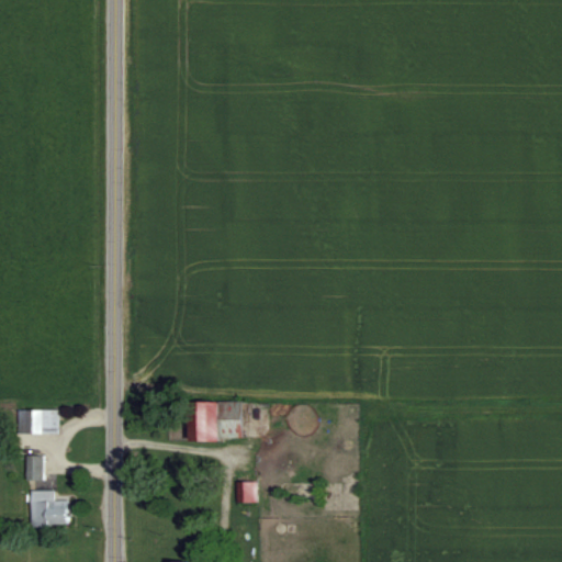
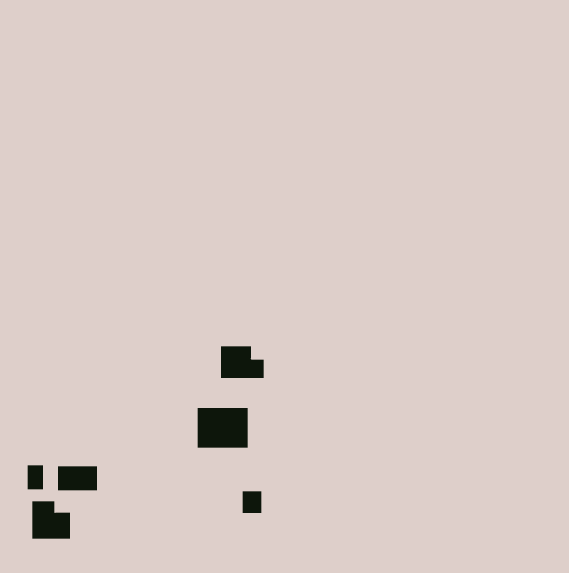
building: none -> [220,346,264,379]
building: [18,411,57,435] -> [57,466,98,491]

